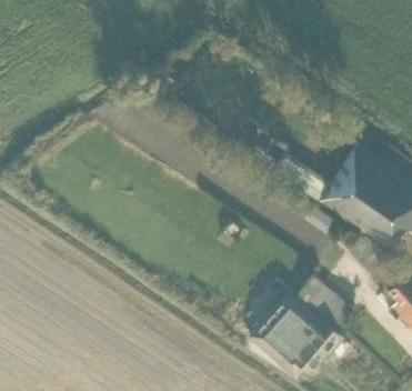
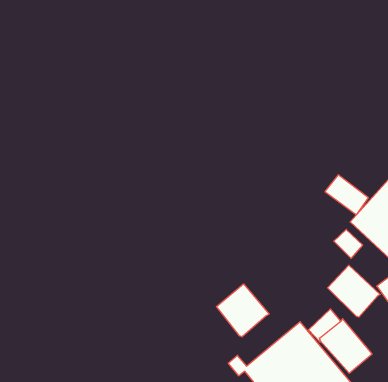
building: none -> [328,265,380,317]
building: none -> [216,284,269,337]

